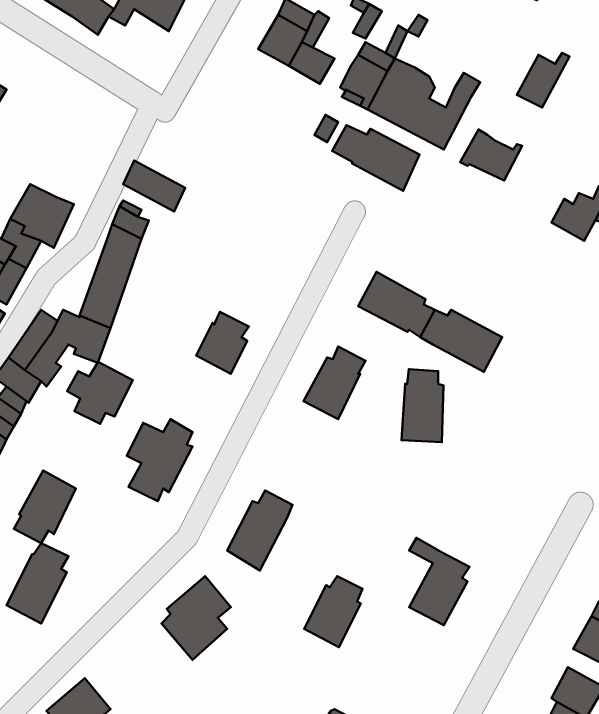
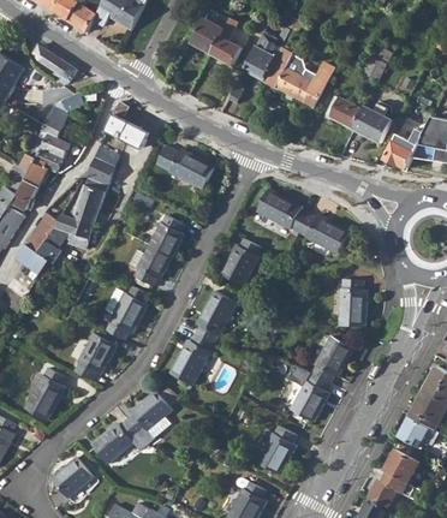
building: none -> [32,46,76,85]
building: [332,125,420,191] -> [155,147,213,190]
building: none -> [40,93,83,139]
building: none -> [352,106,392,143]
building: [67,362,133,424] -> [129,244,172,285]
building: [402,369,444,442] -> [338,279,365,327]
building: none -> [195,291,236,343]
building: [14,470,76,543] -> [73,333,114,381]
building: none -> [311,337,352,383]
building: [304,576,363,647] -> [257,427,296,474]
building: none -> [91,421,147,464]

